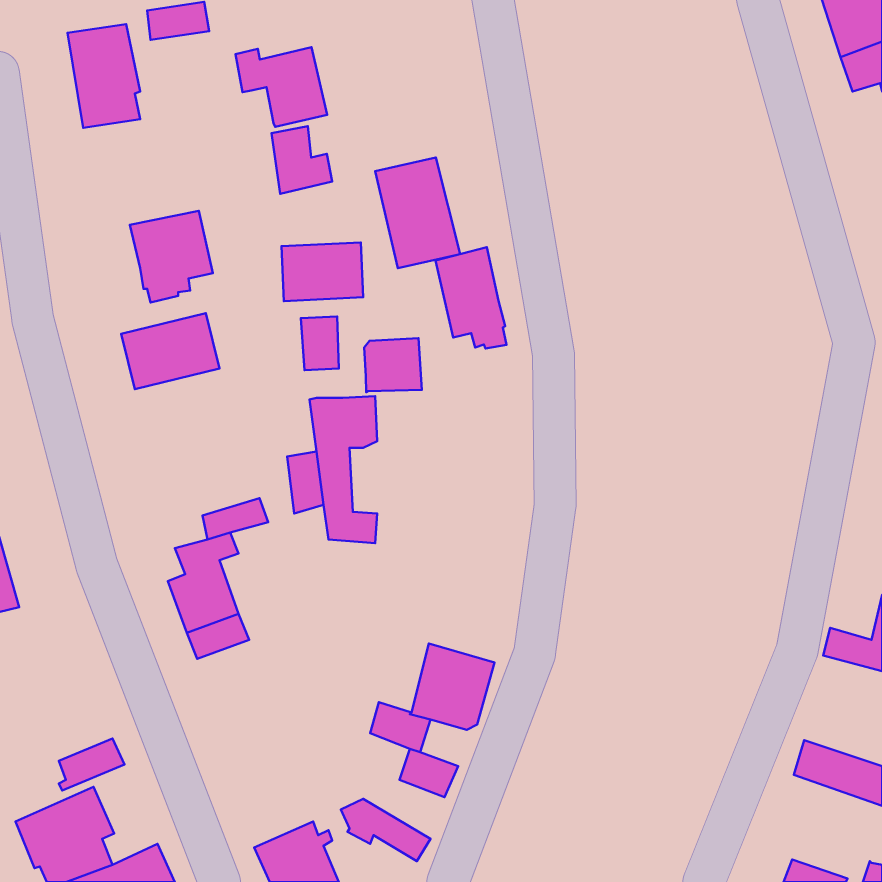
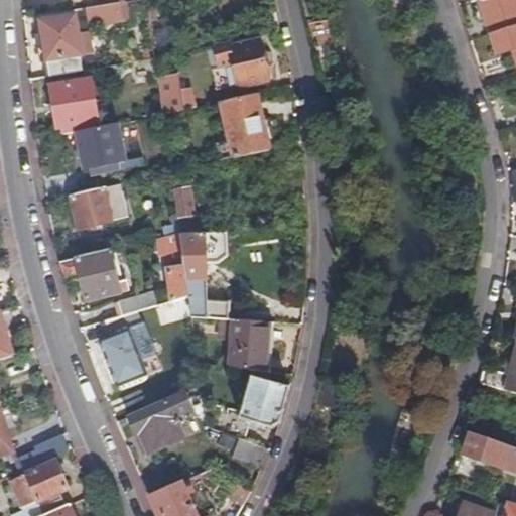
building: [235,47,327,127] -> [215,38,268,85]
building: none -> [49,79,94,127]
building: [281,243,363,301] -> none
building: [436,247,507,348] -> none
building: [364,338,422,392] -> none
building: none -> [59,249,127,298]
building: none -> [230,318,268,369]
building: none -> [128,390,189,453]

